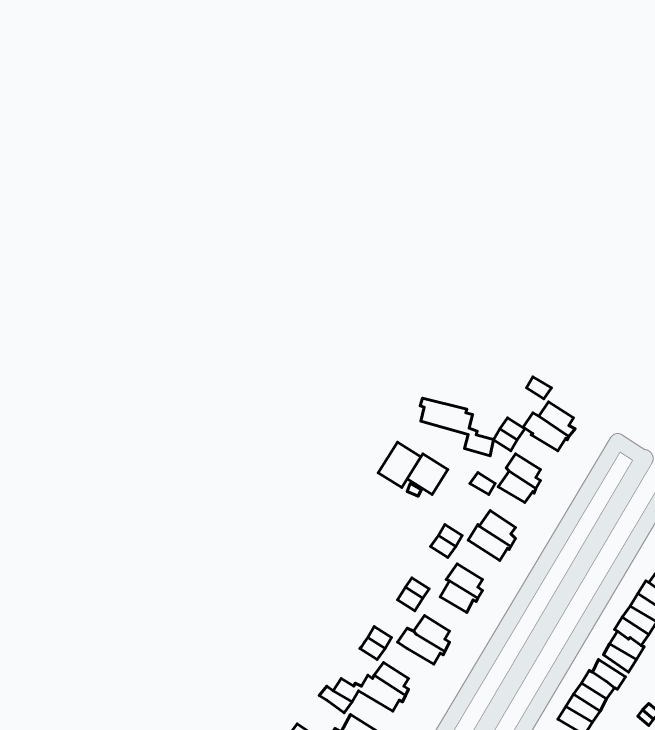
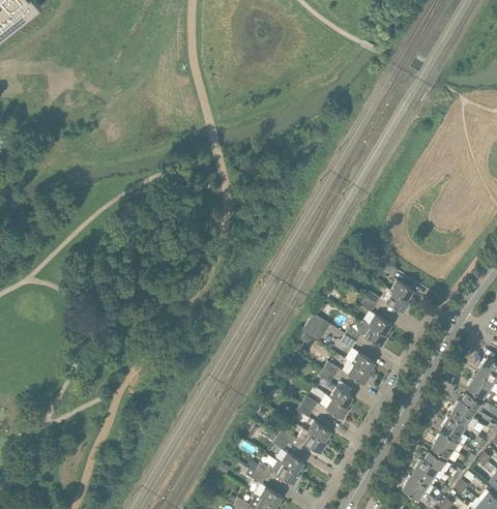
building: [420,398,493,456] -> none
building: [378,442,421,487] -> none

